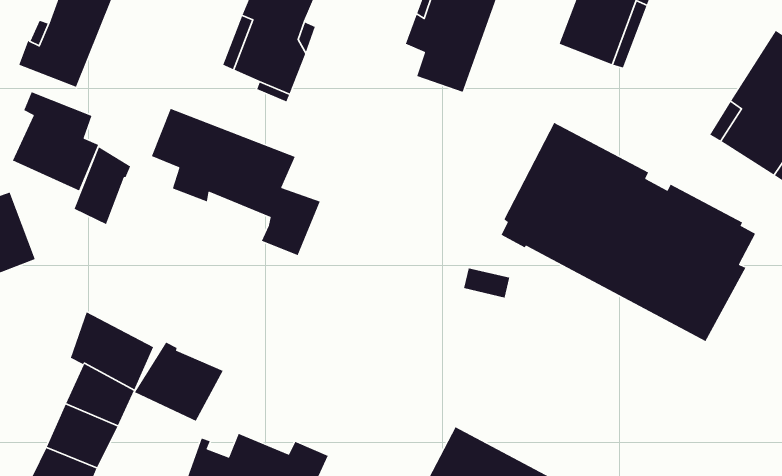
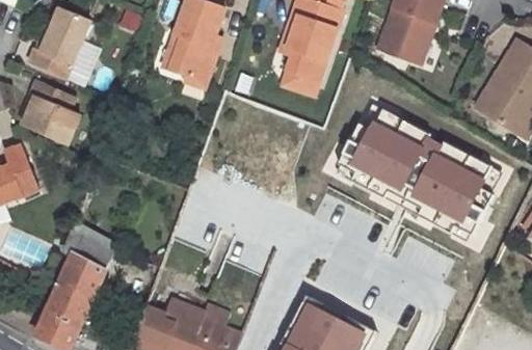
building: [151,108,321,256] -> none
building: [74,146,131,225] -> none
building: [134,342,224,422] -> none

